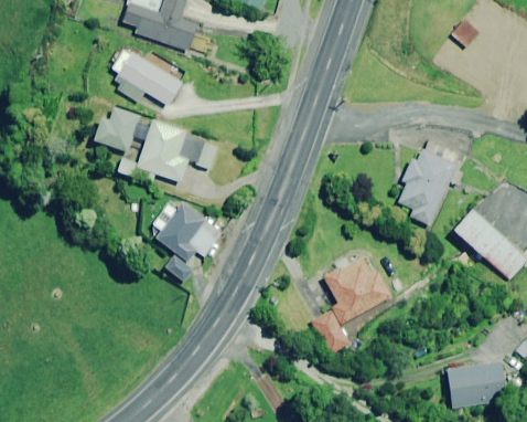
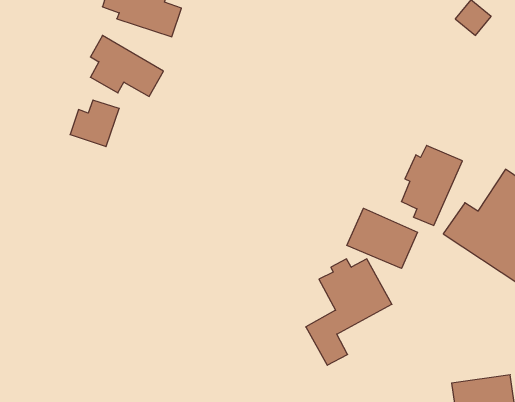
building: [118,116,223,183] -> none
building: [157,203,222,282] -> none
building: none -> [347,208,418,268]

